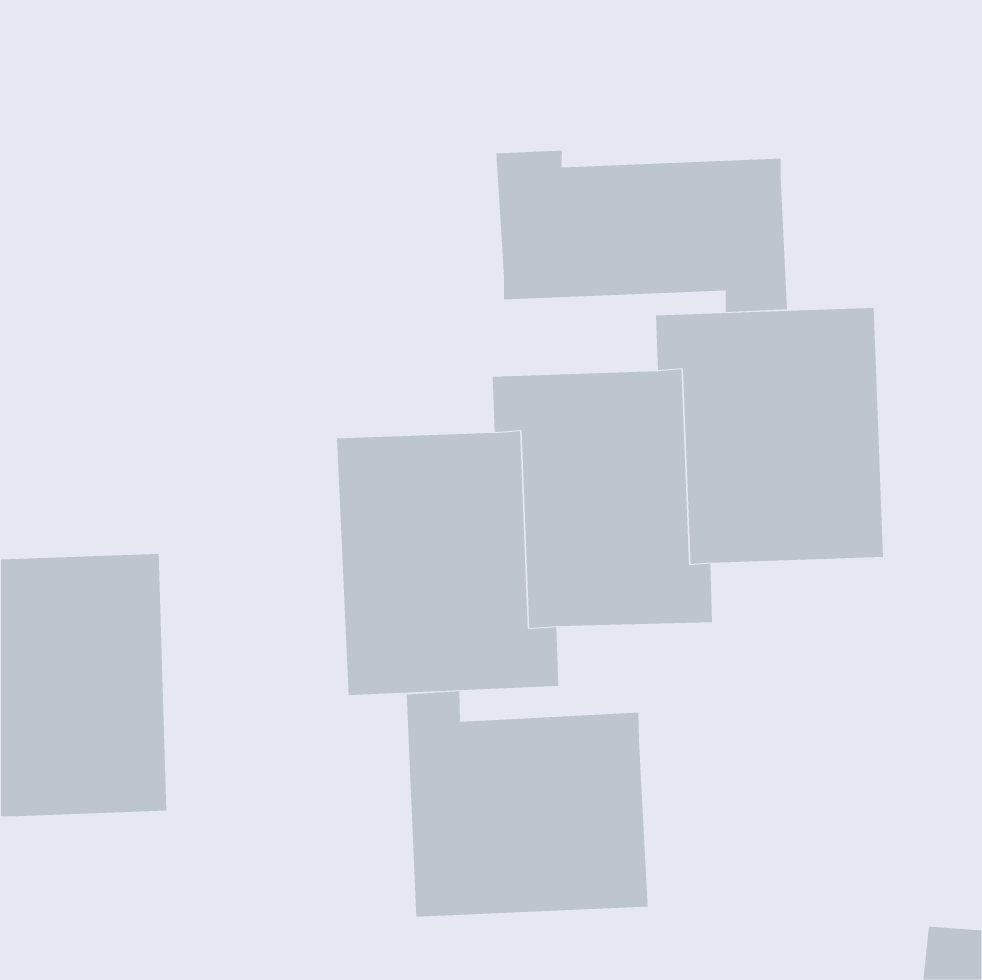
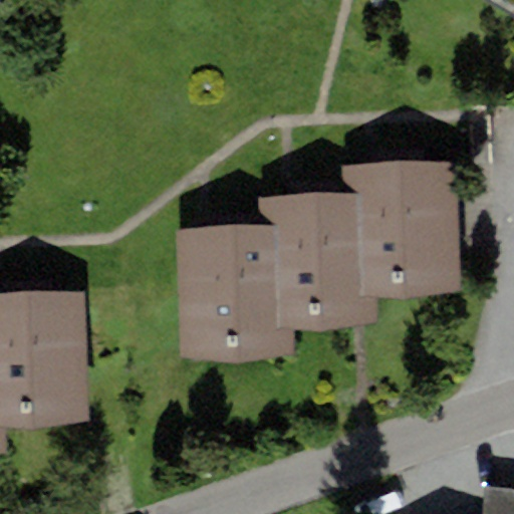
building: [496,150,787,313] -> none
building: [406,691,648,917] -> none

